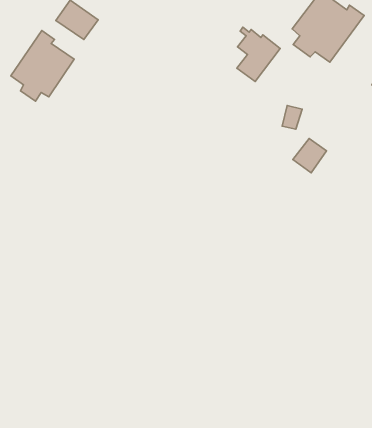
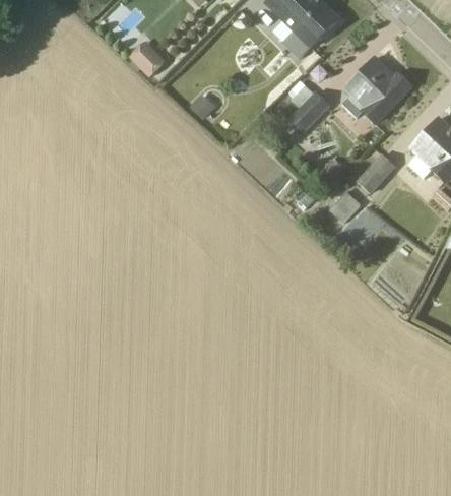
building: [11,30,74,101] -> none
building: none -> [358,152,396,193]

